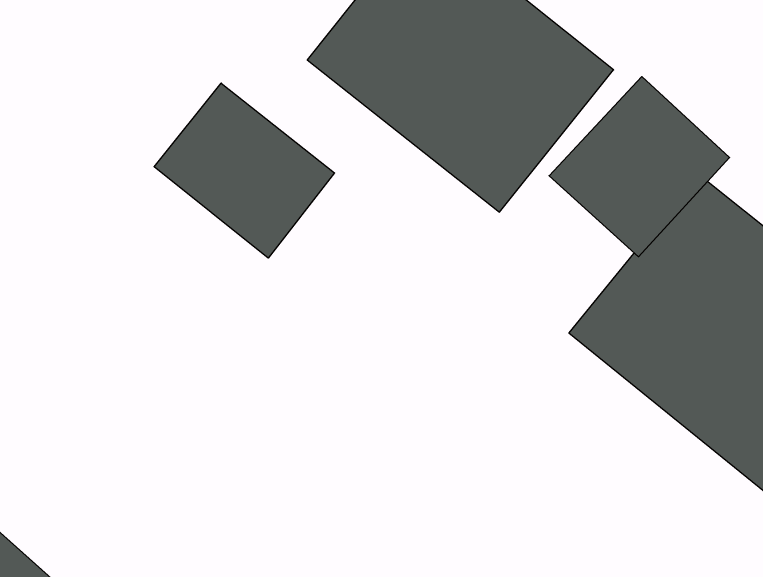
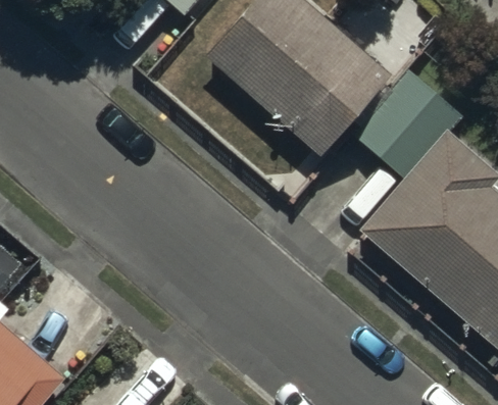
building: [154,83,335,258] -> none

